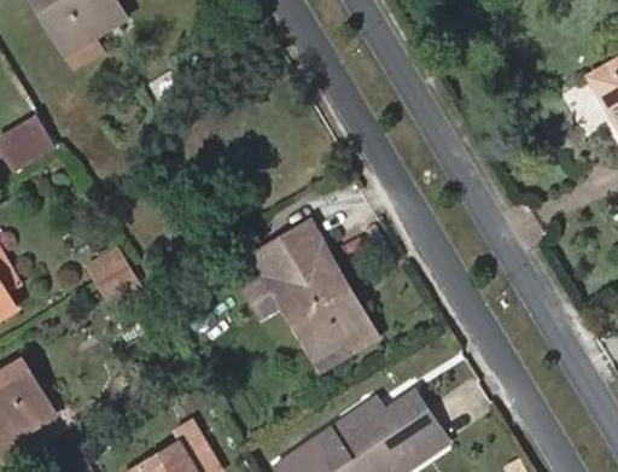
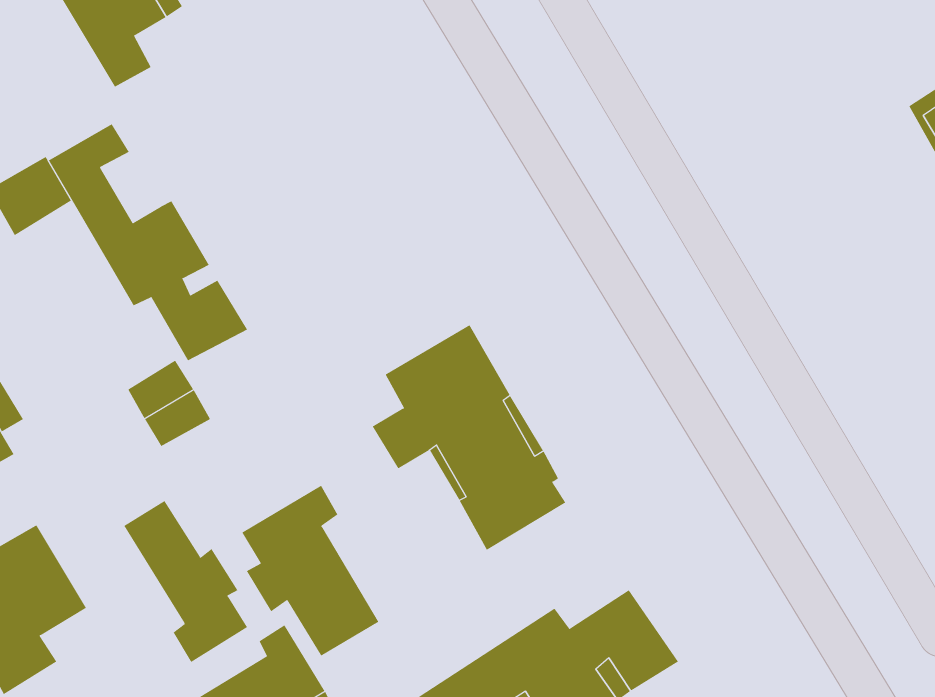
building: none -> [48,124,248,361]
building: none -> [241,485,379,656]
building: none -> [123,500,248,663]

